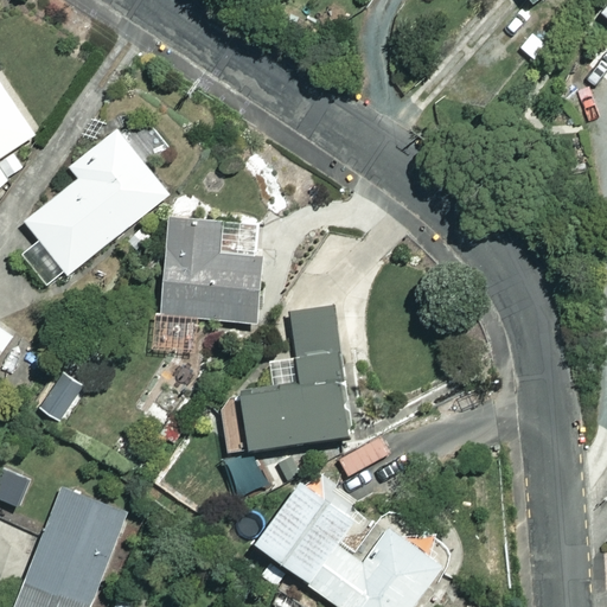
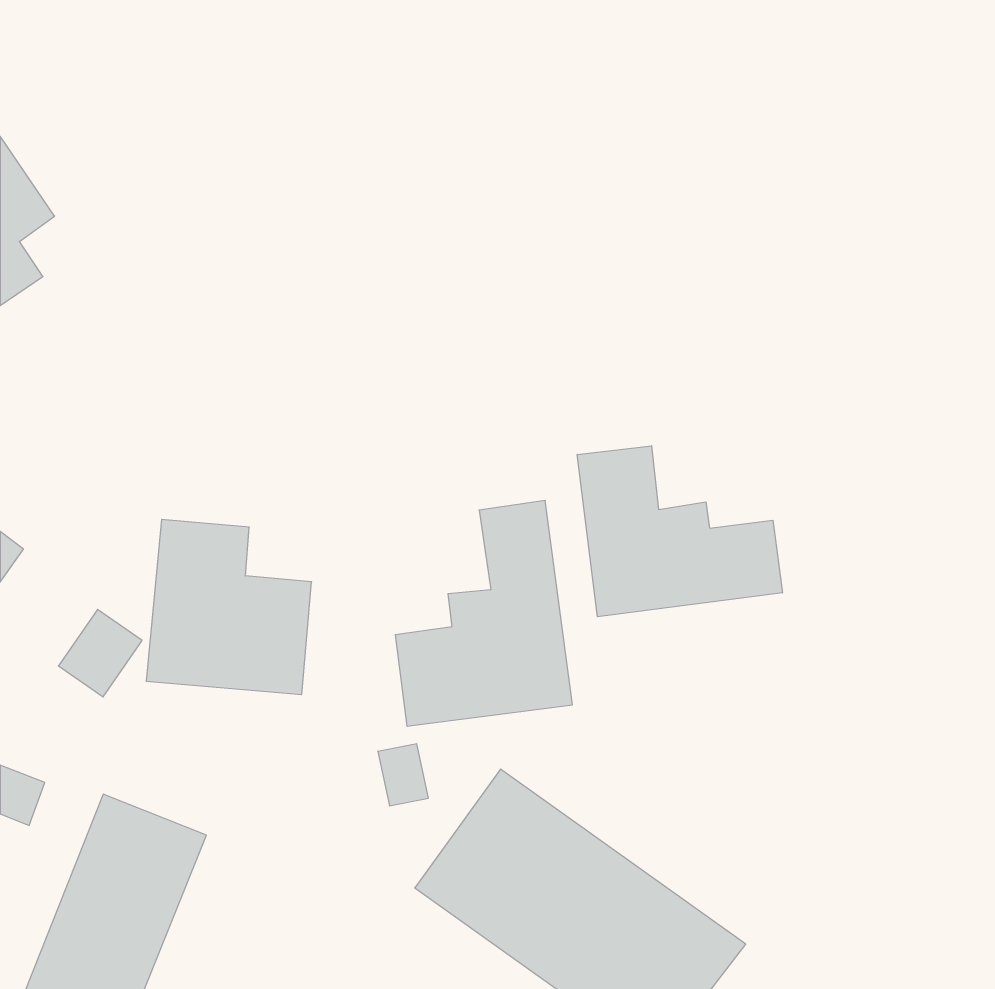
building: [25,129,168,275] -> none
building: [159,217,260,324] -> [146,519,312,695]
building: none -> [577,446,782,617]

